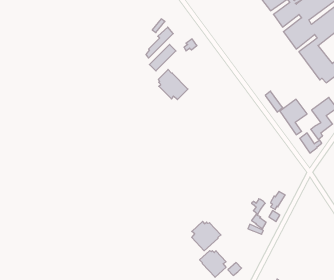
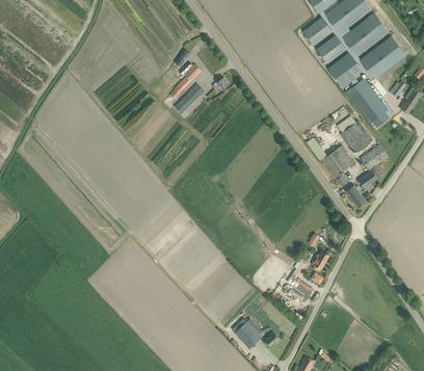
building: [158,69,188,100] -> none
building: none -> [340,121,373,152]
building: [192,221,221,251] -> none

